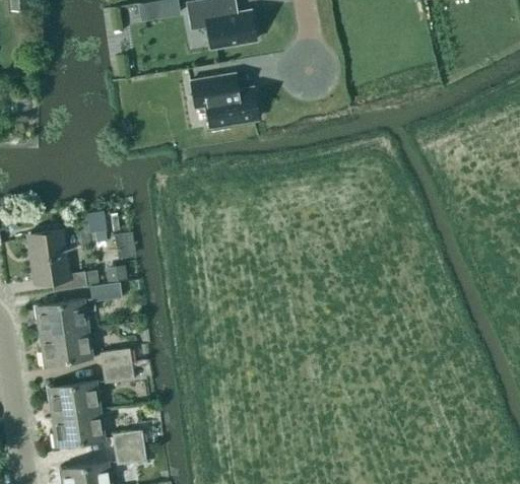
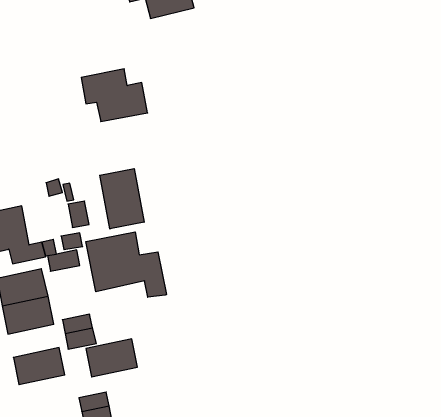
building: [190,74,256,127] -> [81,69,148,122]
building: none -> [100,169,144,229]
building: none -> [86,232,166,297]
building: [52,410,104,446] -> [86,339,137,377]

